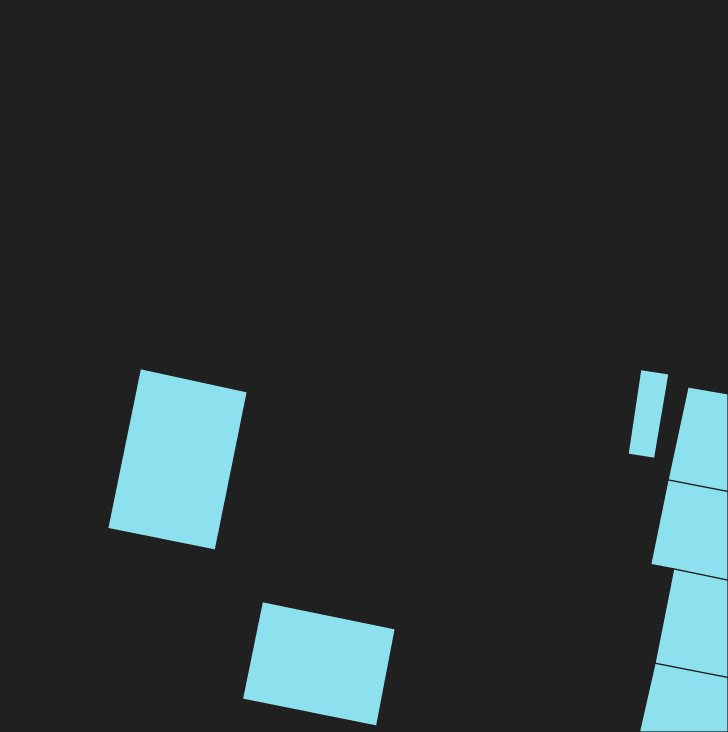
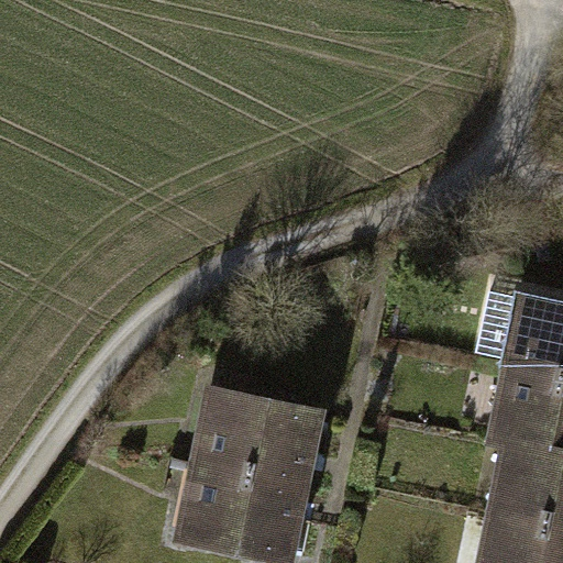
building: [108,369,248,550] -> none
building: none -> [201,391,318,483]

